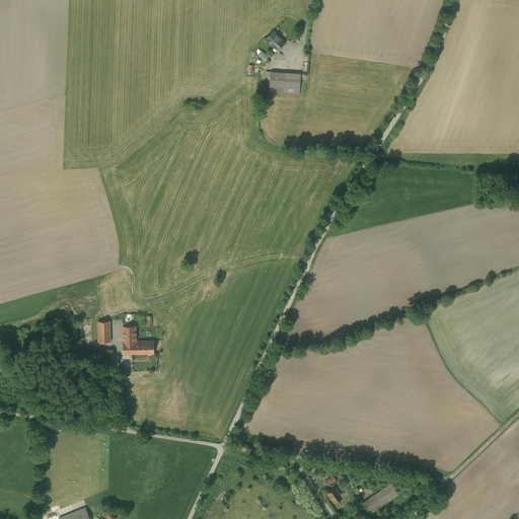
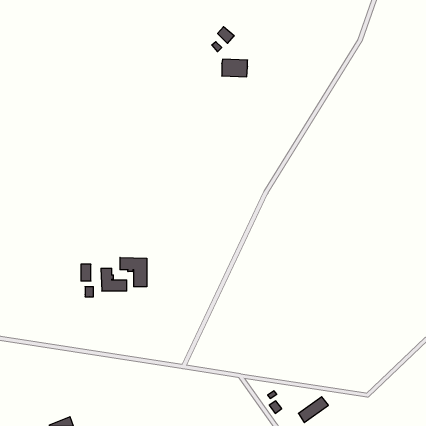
building: none -> [120,257,147,287]

